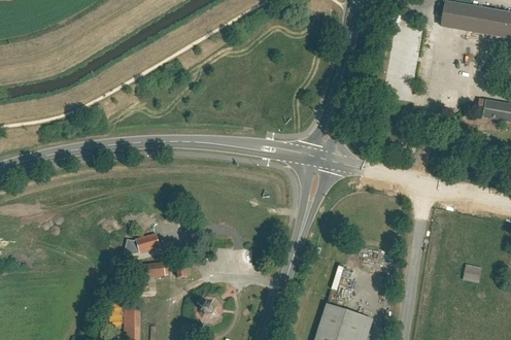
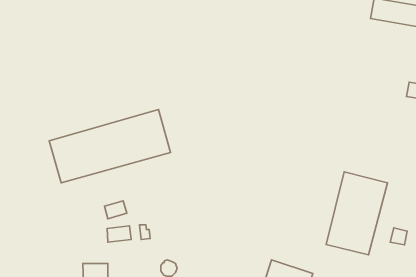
building: none -> [49,110,170,183]
building: none -> [326,172,388,255]

